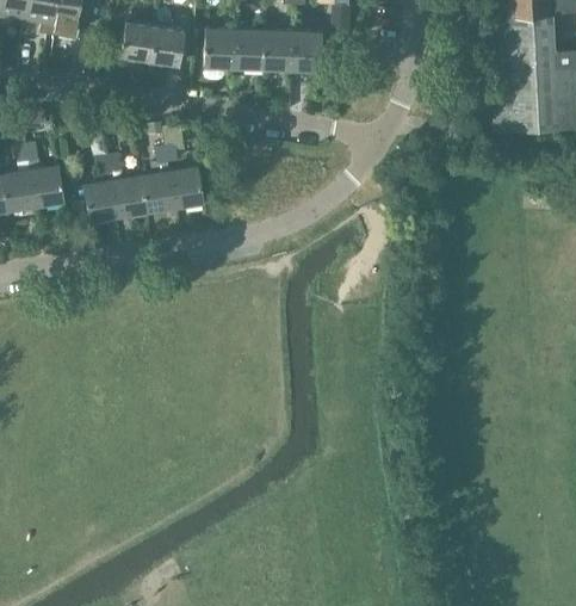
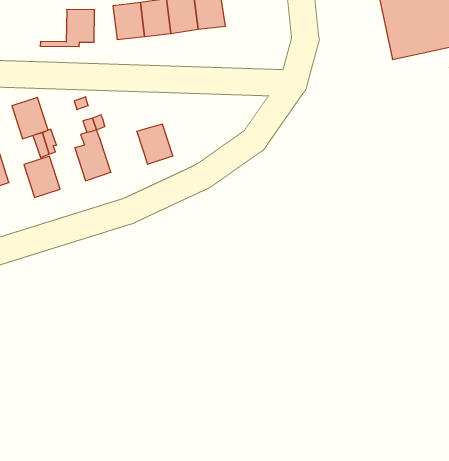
building: [120,21,155,61] -> none
building: [169,167,204,208] -> [137,124,173,164]
building: [112,175,147,217] -> [12,97,48,139]

